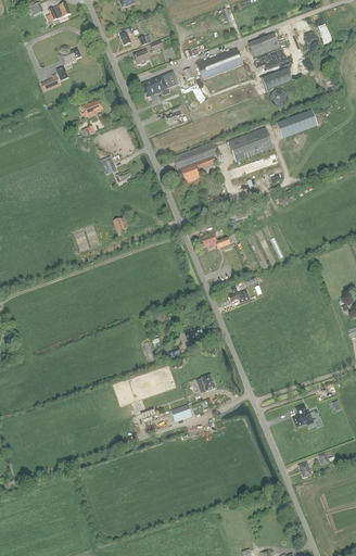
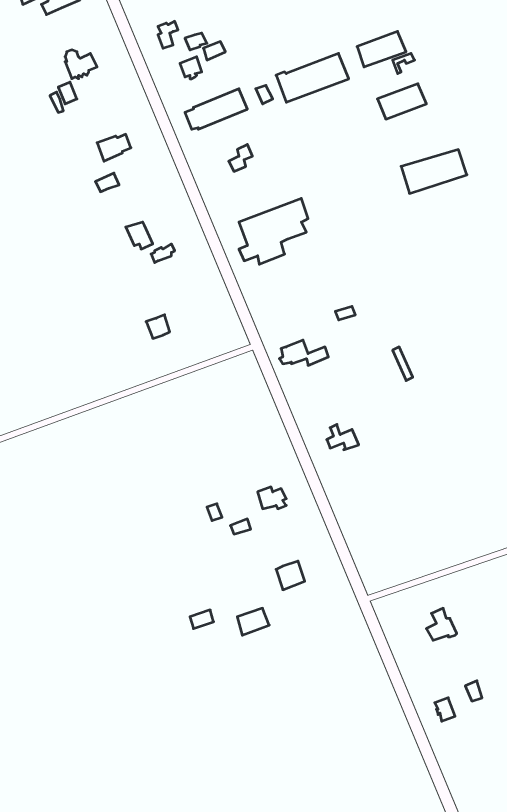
building: [227,127,272,162] -> none

